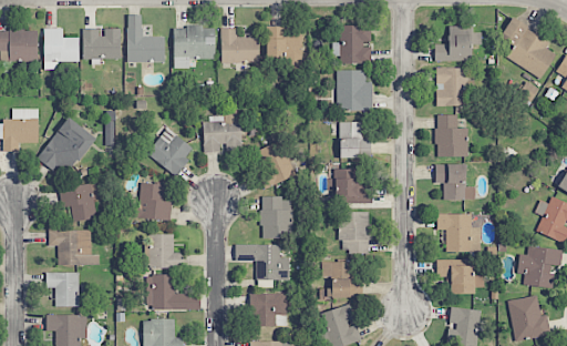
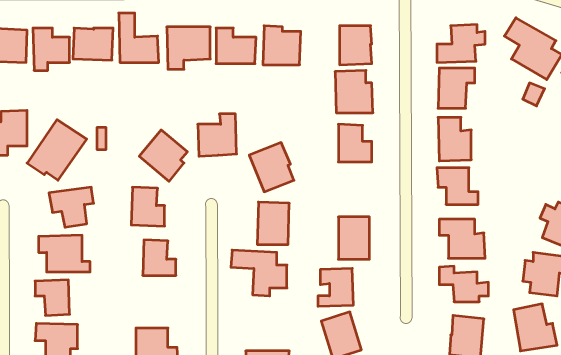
building: [327,167,372,203] -> none
building: [146,274,200,309] -> none
building: [254,293,287,326] -> none

